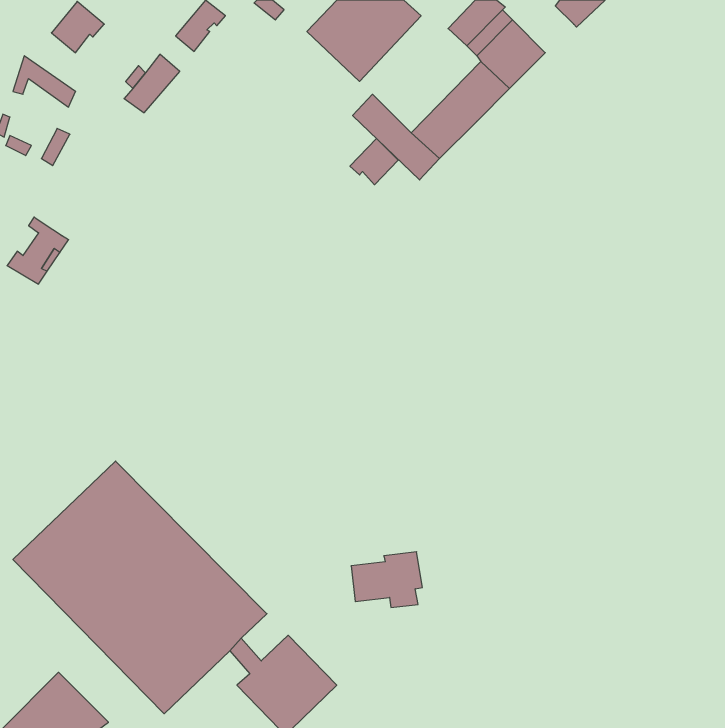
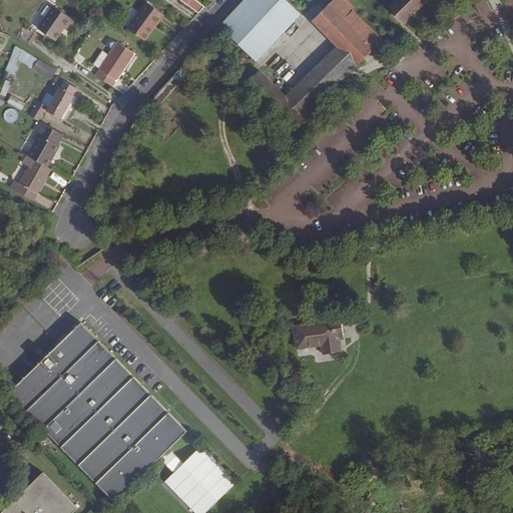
building: none -> [46,75,73,117]
building: [350,139,398,185] -> none
building: none -> [25,120,63,166]
building: [351,552,422,607] -> [291,317,341,356]

